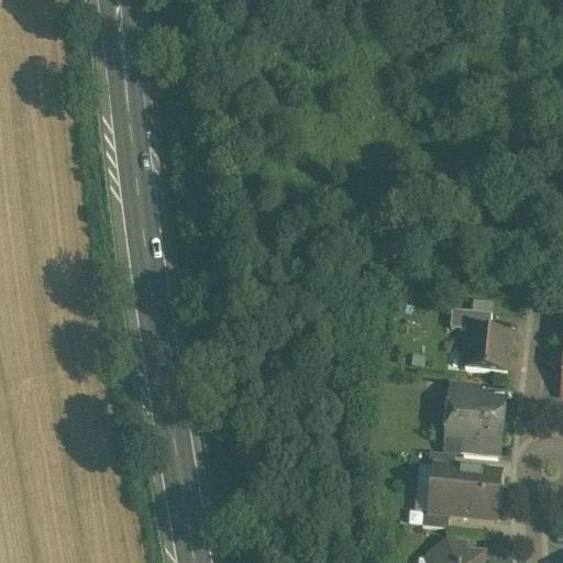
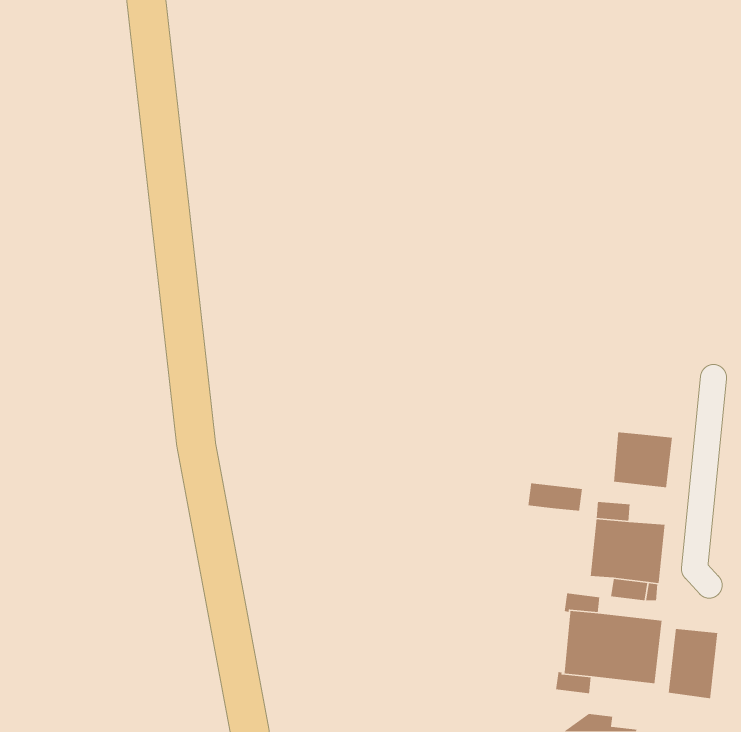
building: [449,307,490,329] -> [528,483,583,512]
building: none -> [668,628,718,699]

